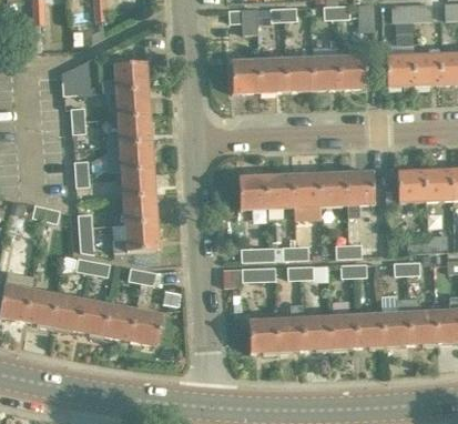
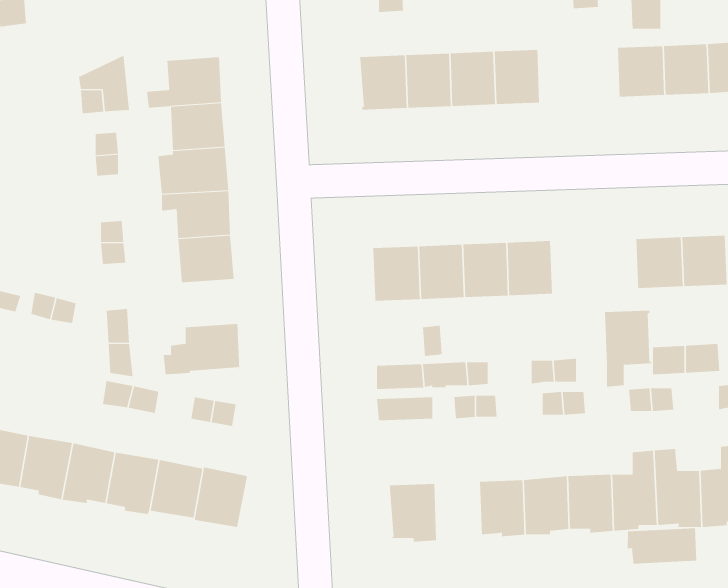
building: [338,55,367,89] -> none
building: [346,171,375,218] -> [604,310,652,387]
building: [123,195,157,224] -> none
building: [276,304,304,353] -> none
building: none -> [627,527,697,564]

